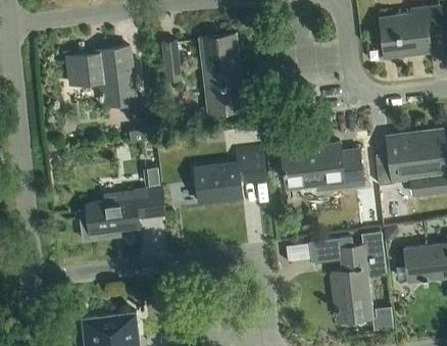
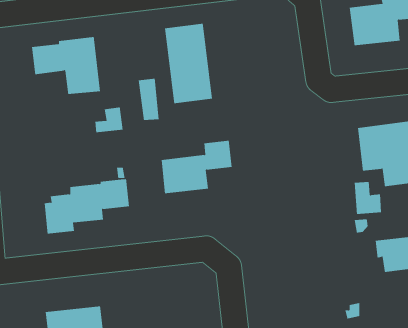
building: [160,39,182,81] -> [138,78,160,121]
building: [281,142,363,191] -> none
building: [310,231,385,322] -> none

